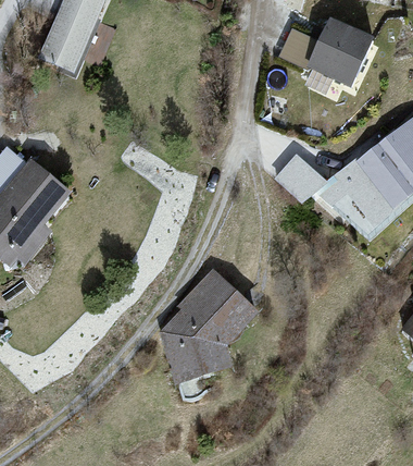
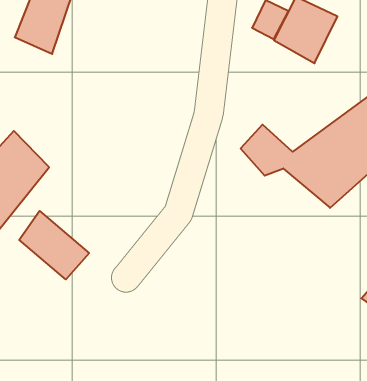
building: none -> [19,211,89,279]
building: [160,270,258,383] -> none

